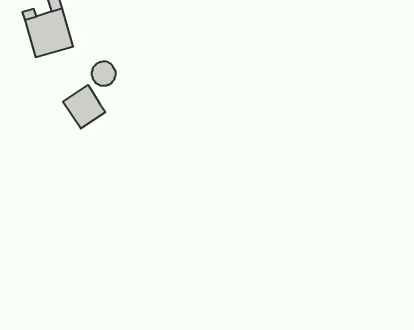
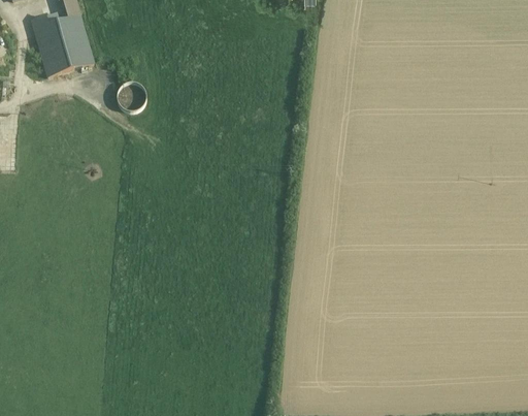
building: [63,85,105,129] -> none

